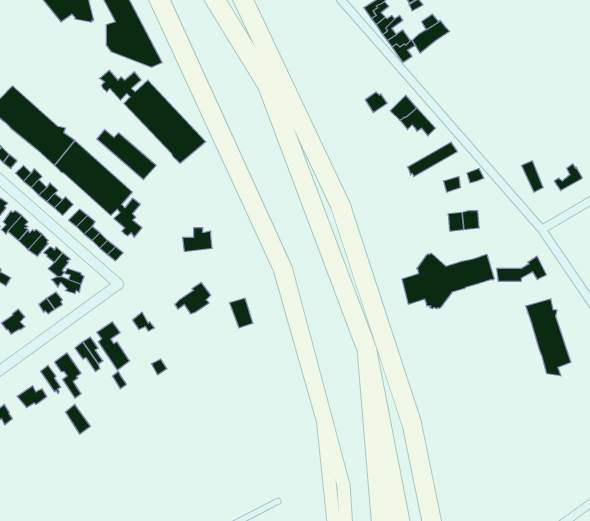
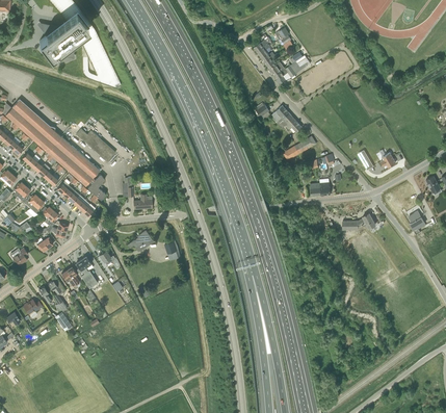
building: [99,70,206,163] -> none
building: [402,253,494,309] -> none
building: [526,299,571,376] -> none

